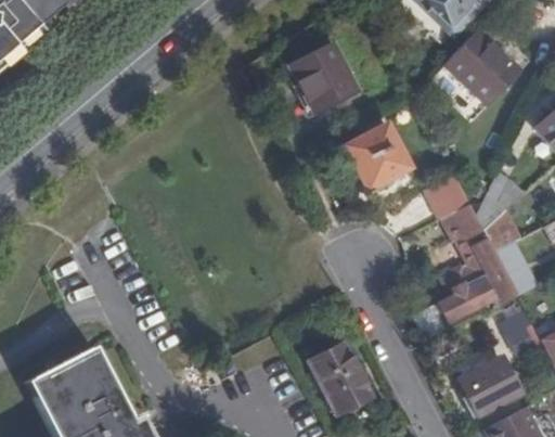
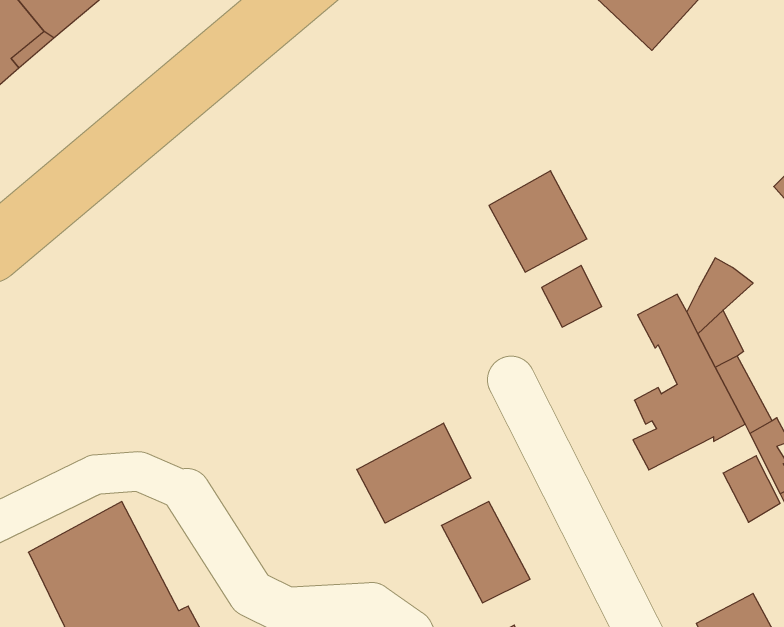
building: [443,29,522,108] -> none
building: [287,39,360,112] -> none
building: [430,175,472,217] -> [542,265,602,327]
building: none -> [357,423,471,523]
building: [454,352,524,417] -> none

